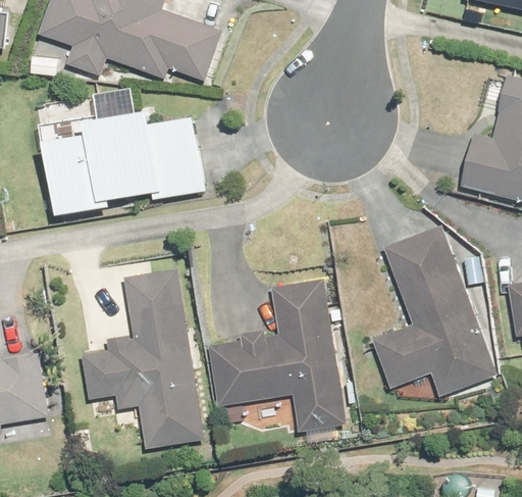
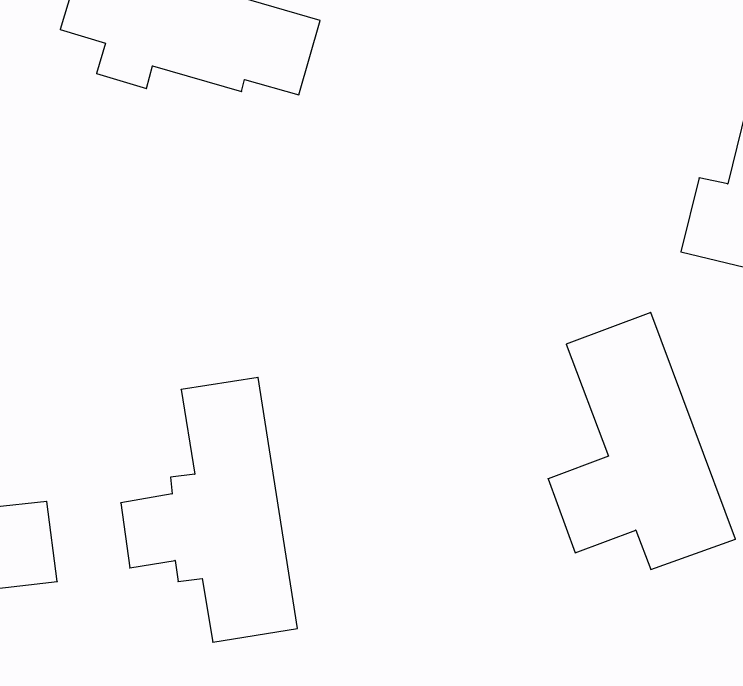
building: [45,110,204,213] -> none
building: [209,277,345,432] -> none

